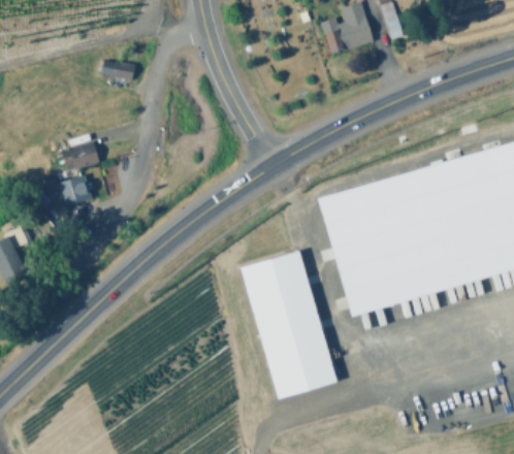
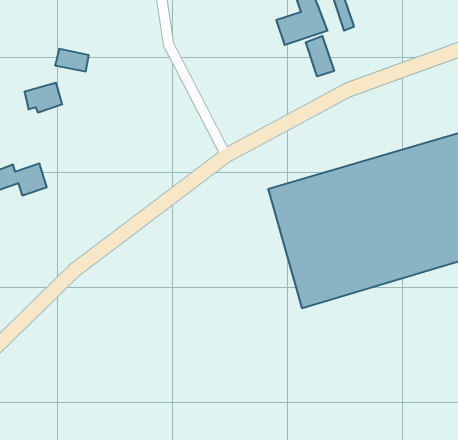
building: none -> [306,36,334,76]
building: [62,139,100,169] -> [24,83,62,112]
building: [239,252,336,400] -> none

